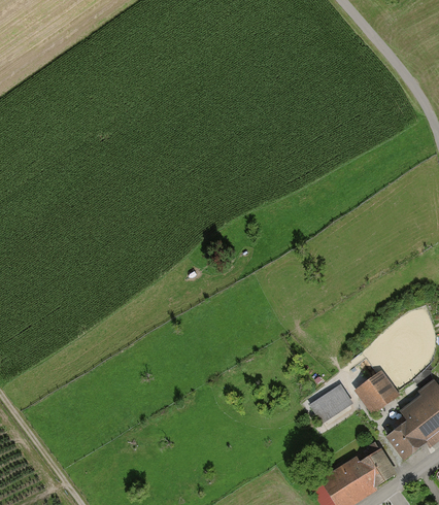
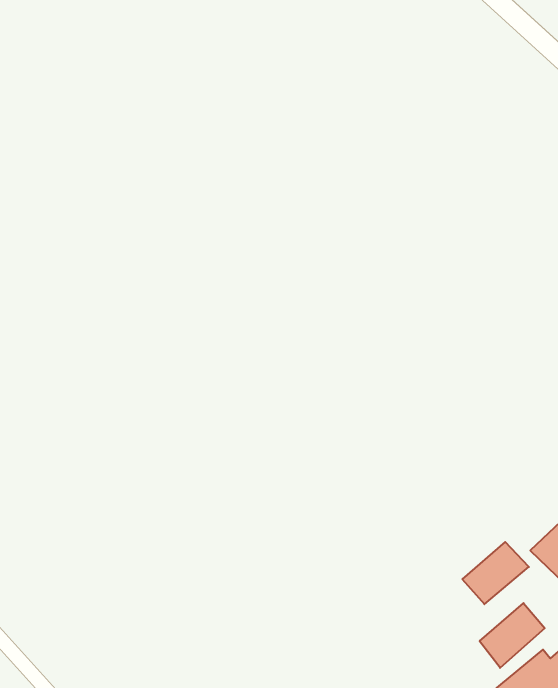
building: none -> [480,603,545,668]

